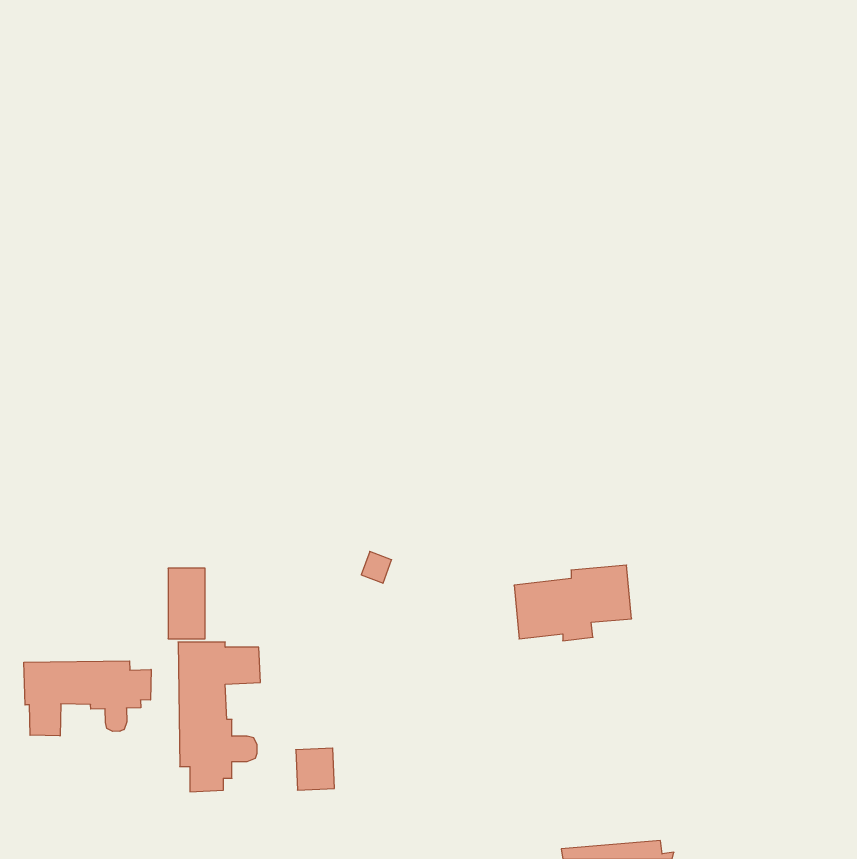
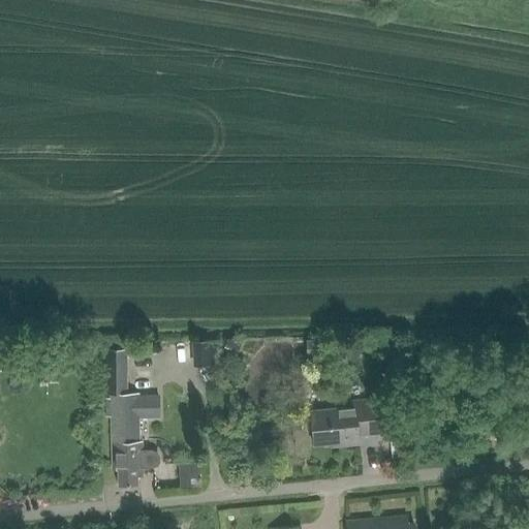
building: [514,565,632,641] -> [311,400,383,446]
building: [24,661,151,736] -> none

